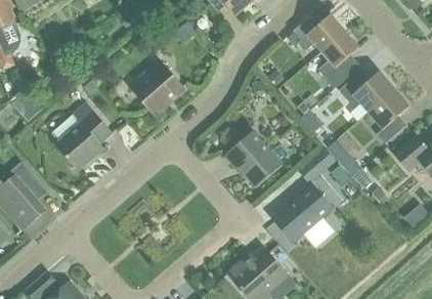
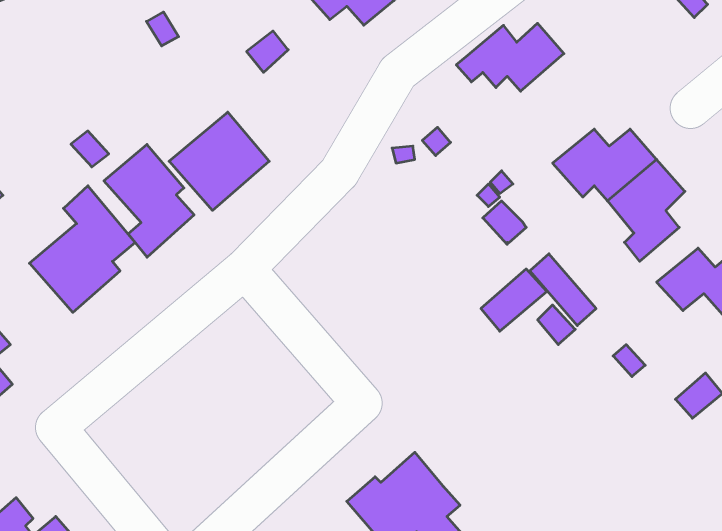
building: [317,30,359,88] -> none
building: none -> [104,144,194,257]
building: [223,130,289,187] -> none
building: [271,183,332,242] -> none

